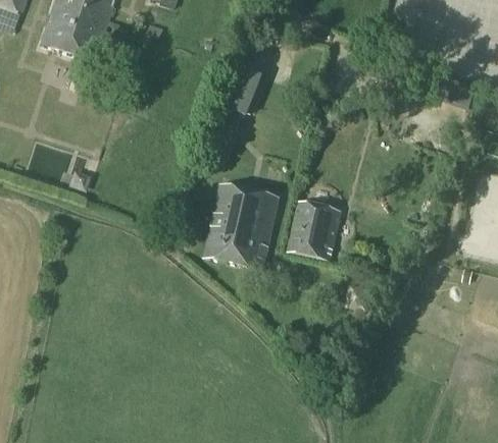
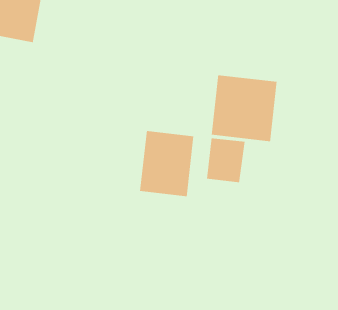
building: [226,63,262,113] -> none
building: none -> [211,75,277,142]

